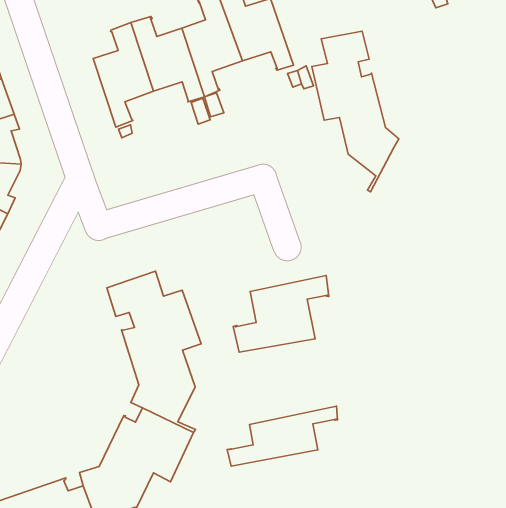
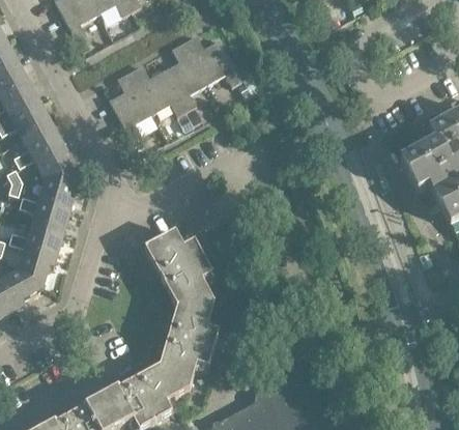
building: [312,31,399,192] -> none
building: [233,276,329,352] -> none
building: [227,406,337,466] -> none

